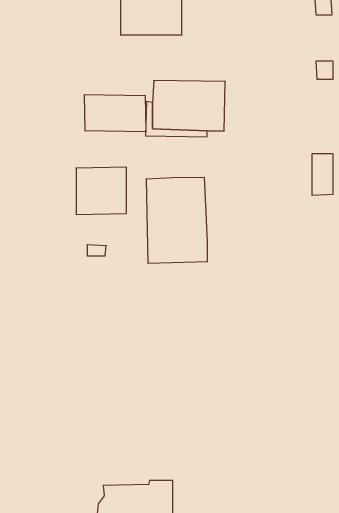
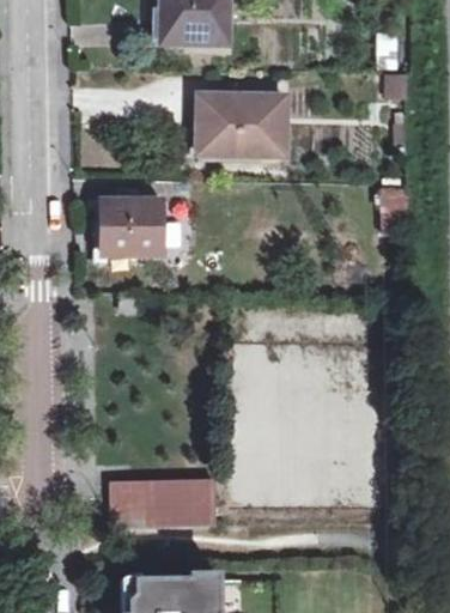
building: [85,95,146,132] -> none
building: [146,177,207,263] -> none
building: none -> [110,477,214,524]

